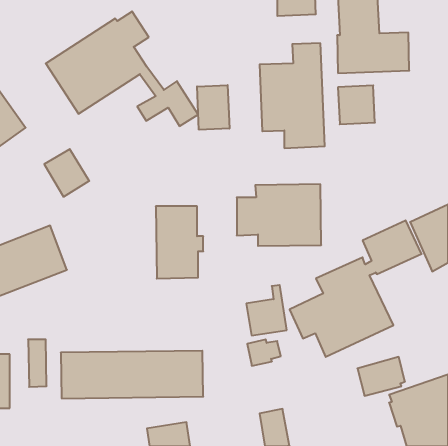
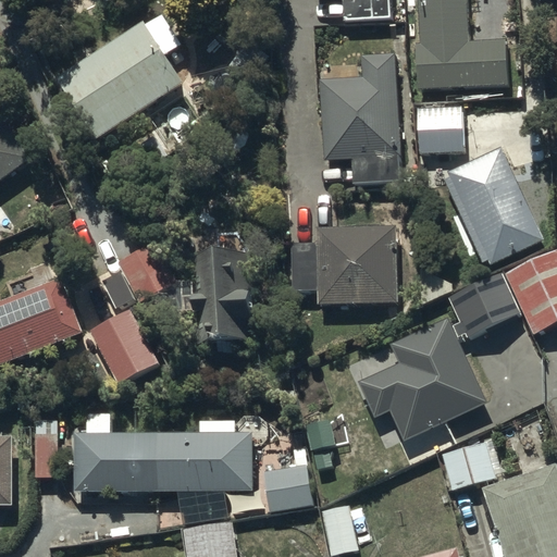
building: [197,85,229,130] -> none
building: none -> [444,148,543,264]
building: [44,149,89,197] -> [116,244,172,302]
building: none -> [91,309,161,384]
building: [246,285,287,335] -> [263,448,313,510]

